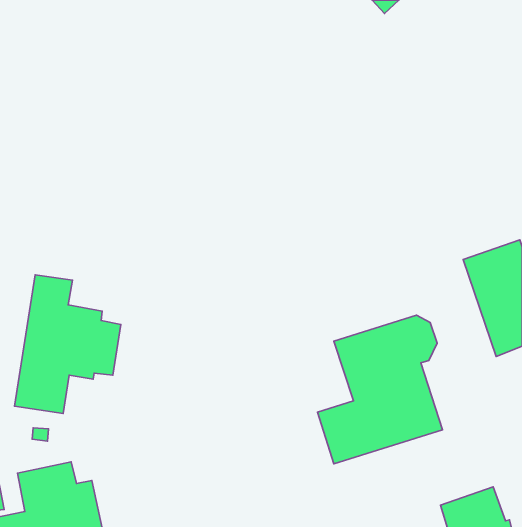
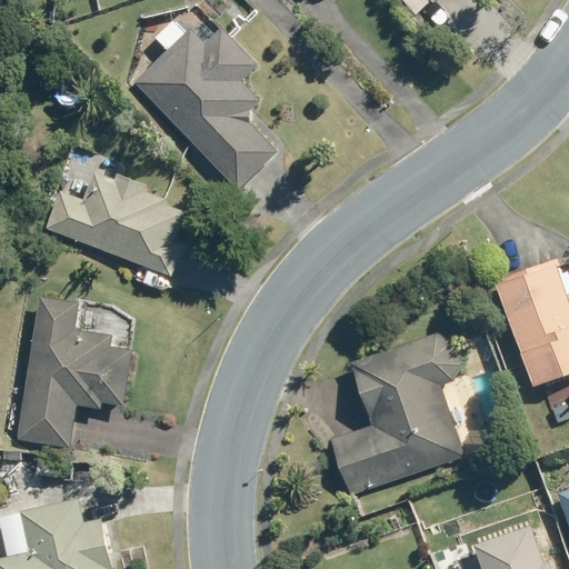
building: none -> [131,27,277,190]
building: none -> [43,171,183,276]

